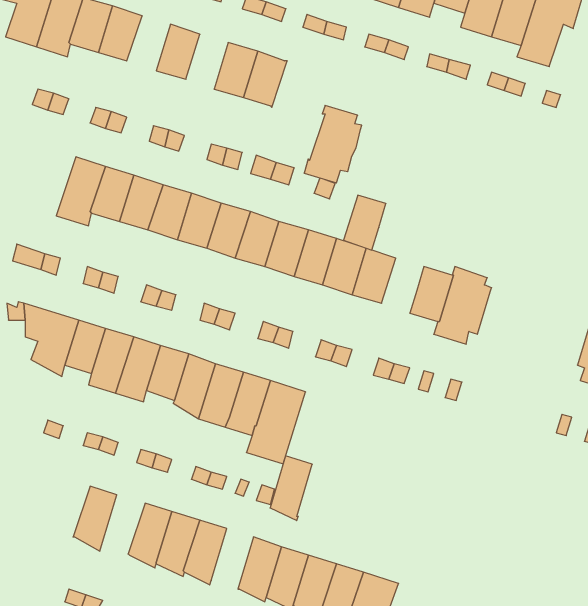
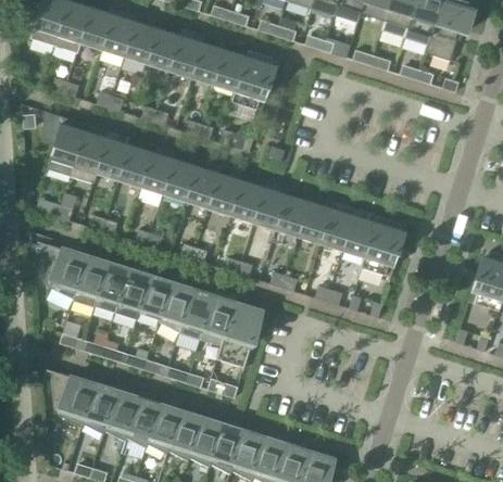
building: none -> [124,22,158,64]
building: none -> [169,36,202,78]
building: [304,105,362,183] -> [231,50,276,110]
building: none -> [43,110,85,176]
building: [344,195,386,250] -> [320,208,353,251]
building: [270,456,312,521] -> [189,417,222,467]
building: none -> [54,371,96,428]
building: none -> [104,391,138,441]

